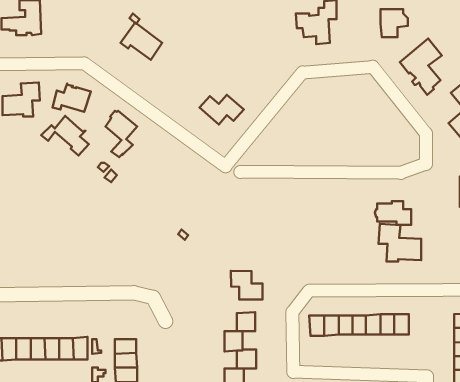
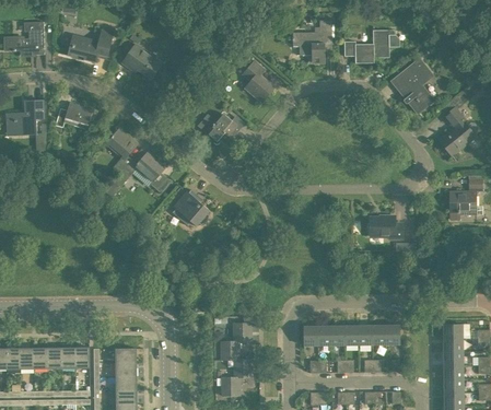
building: none -> [68,30,114,62]
building: none -> [344,40,374,62]
building: none -> [243,61,274,102]
building: [41,116,89,156] -> [124,152,169,190]
building: none -> [174,189,210,226]
building: [379,224,421,262] -> none
building: [231,271,263,299] -> none

